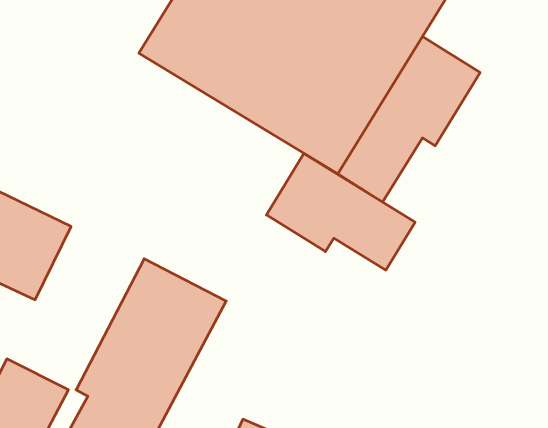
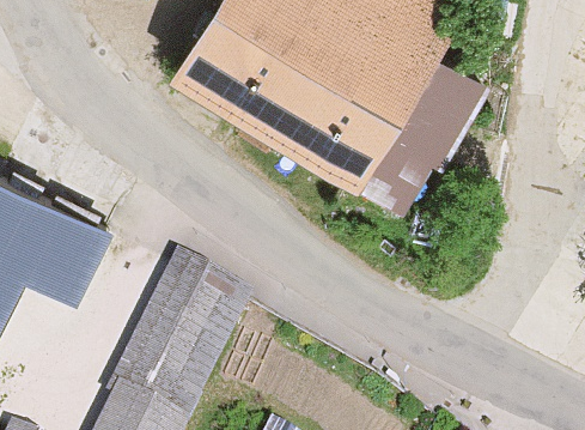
building: [266,154,415,270] -> none

